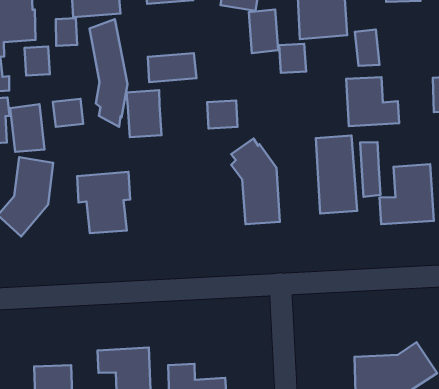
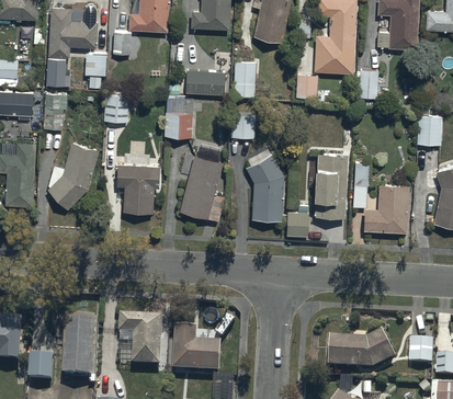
building: [249,9,278,53] -> [233,61,256,95]
building: [90,19,127,127] -> none
building: [346,77,399,126] -> none
building: [10,104,45,152] -> none
building: none -> [179,152,225,220]
building: none -> [285,212,308,236]

